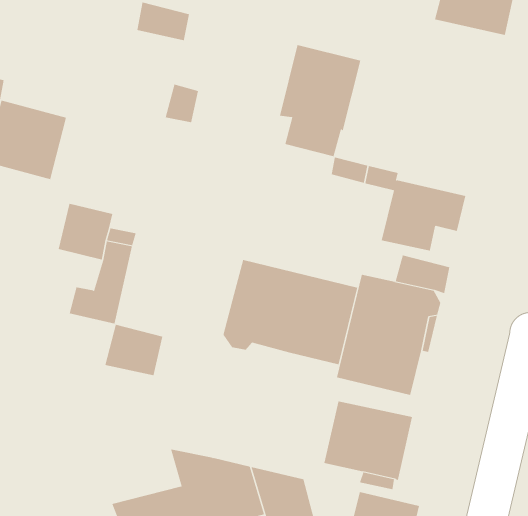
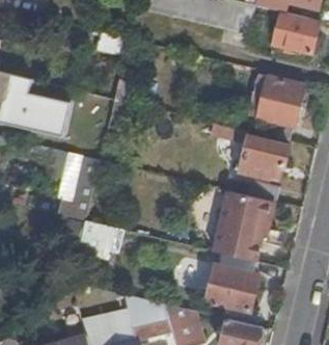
building: [279,45,361,157] -> [255,76,303,141]
building: [223,259,358,365] -> none

